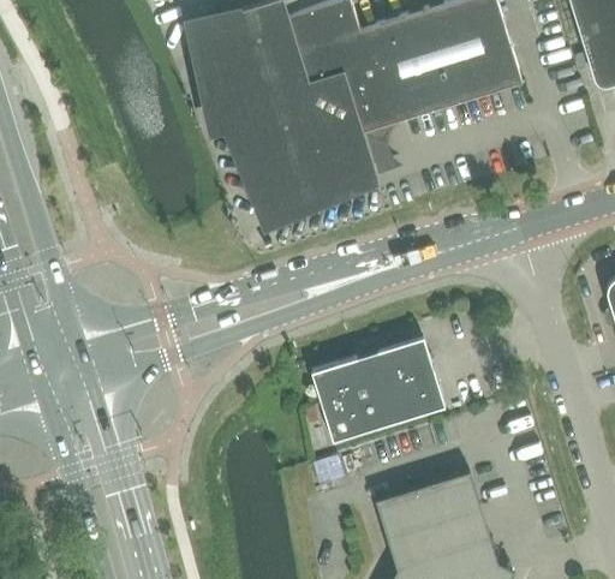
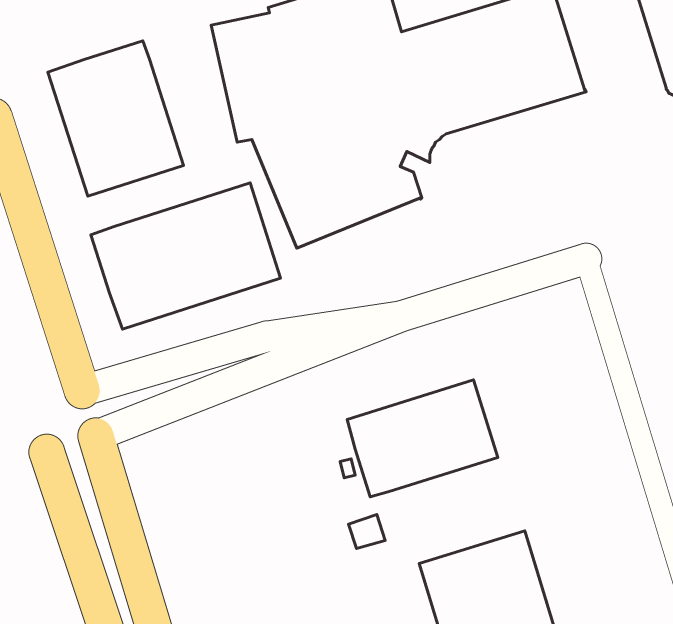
building: none -> [48,41,183,196]
building: none -> [91,183,280,329]

